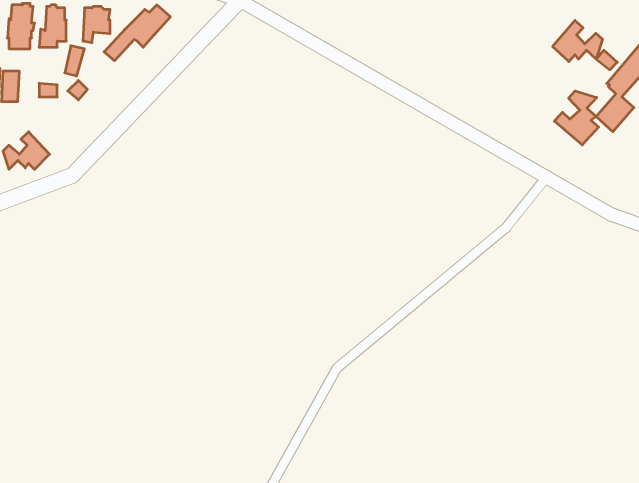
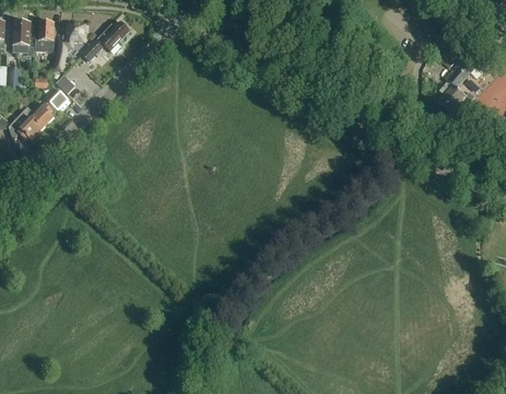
building: [553,20,602,62] -> none
building: [554,91,599,145] -> none
building: none -> [24,86,68,129]

